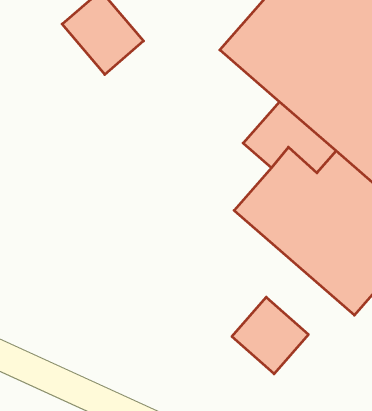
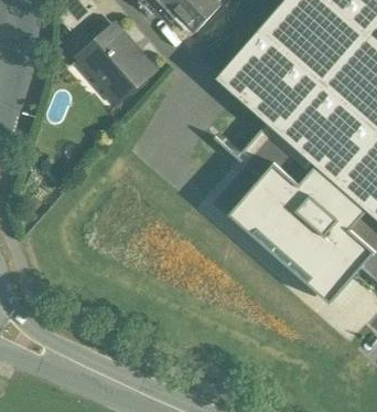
building: [232,297,308,374] -> none

